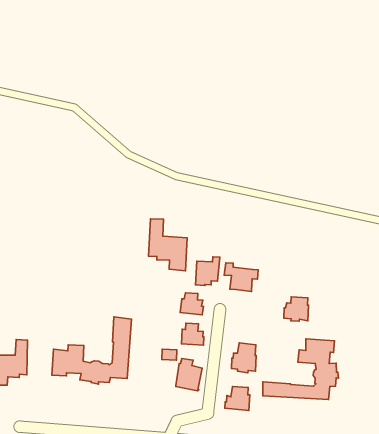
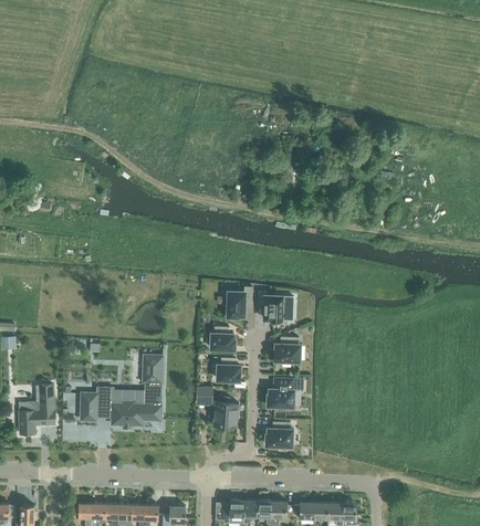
building: [149,219,187,271] -> none
building: [284,297,309,321] -> [275,336,301,361]
building: [263,339,339,400] -> none

